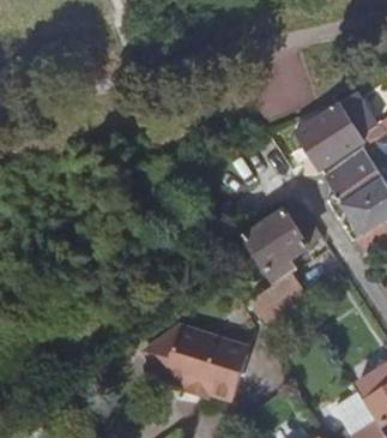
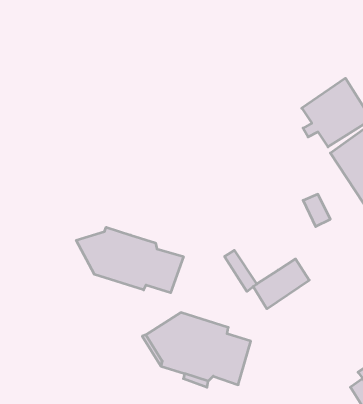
building: [244,200,308,286] -> none
building: none -> [76,227,183,293]

